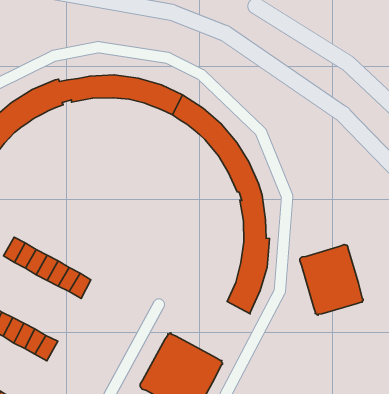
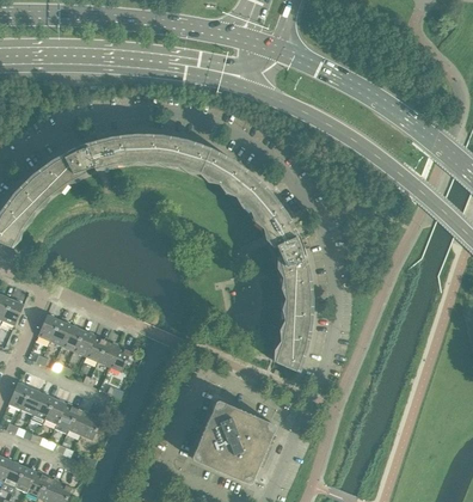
building: [300,245,363,315] -> none

